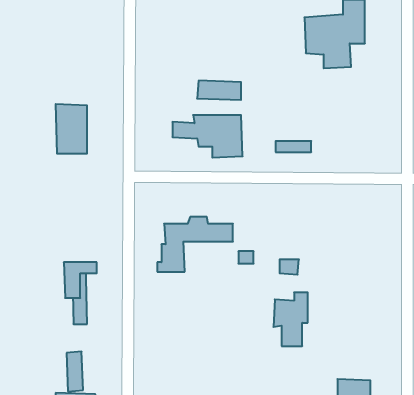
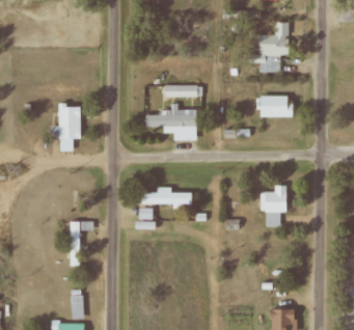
building: none -> [260,95,293,117]
building: [273,292,308,346] -> [260,186,285,226]

